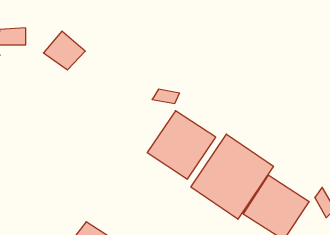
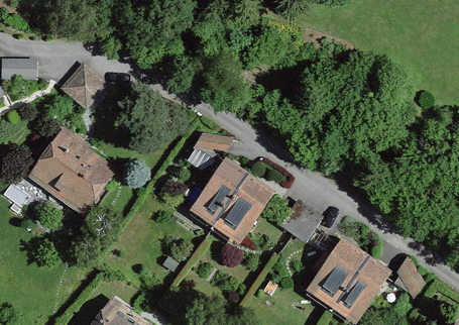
building: none -> [28,130,117,216]
building: [191,134,273,219] -> none

